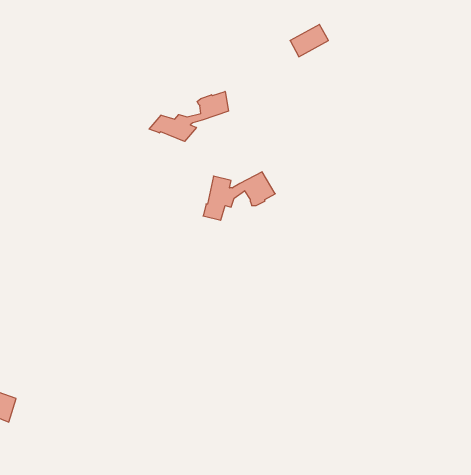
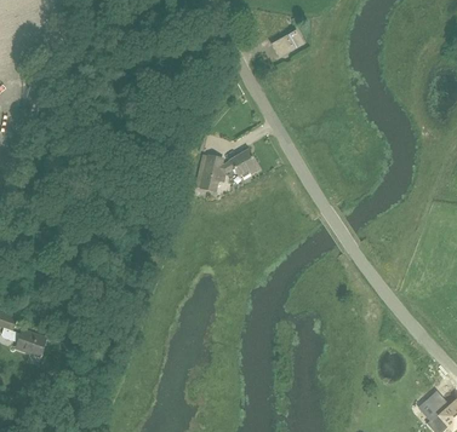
building: [149,91,229,141] -> none

